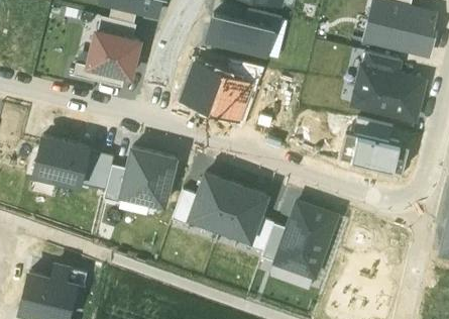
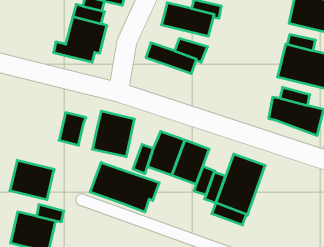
building: [181,82,244,120] -> none
building: [33,136,89,185] -> [10,160,54,200]
building: [103,165,127,203] -> none
building: none -> [90,162,159,212]

